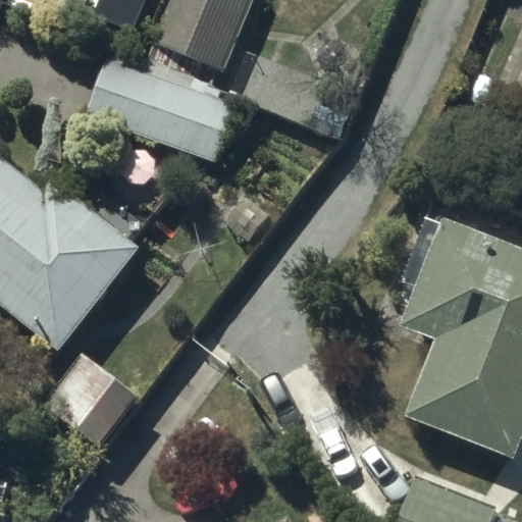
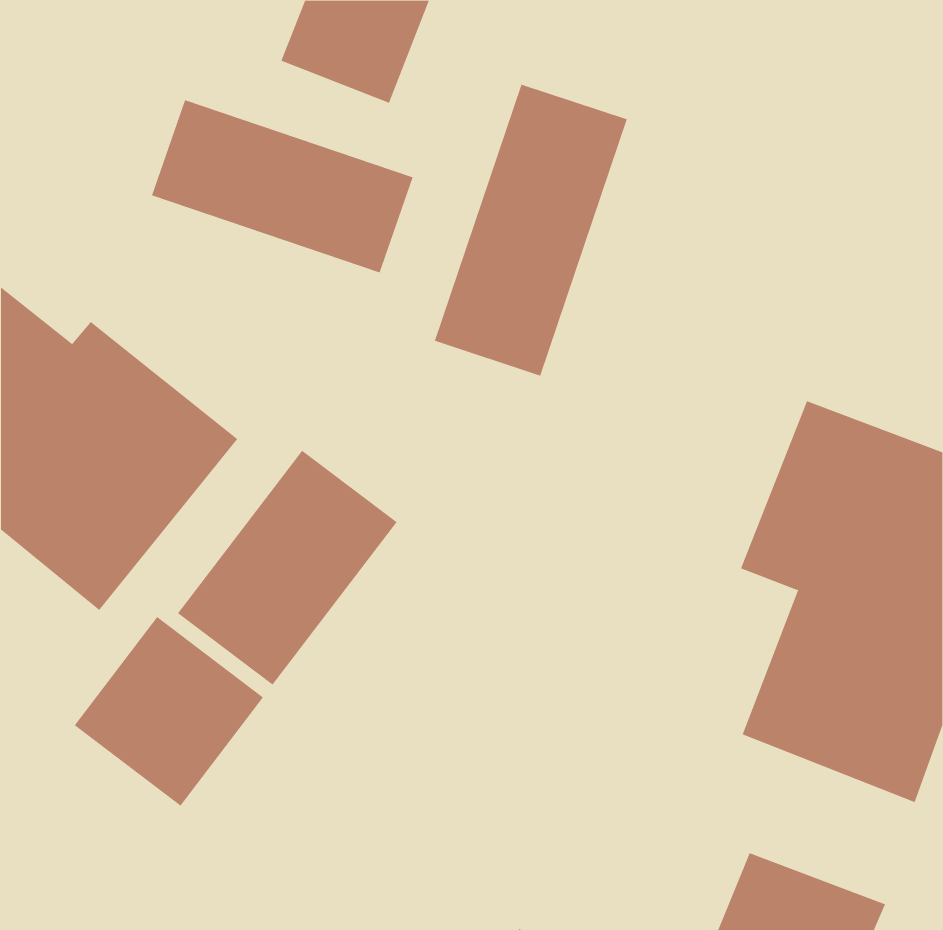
building: none -> [434,84,628,376]
building: none -> [177,450,397,685]

